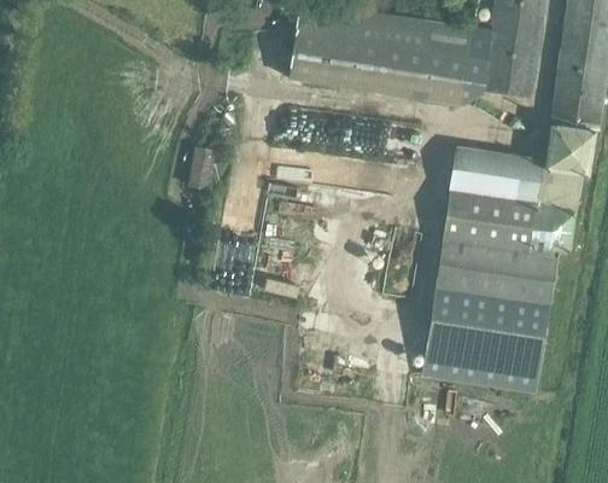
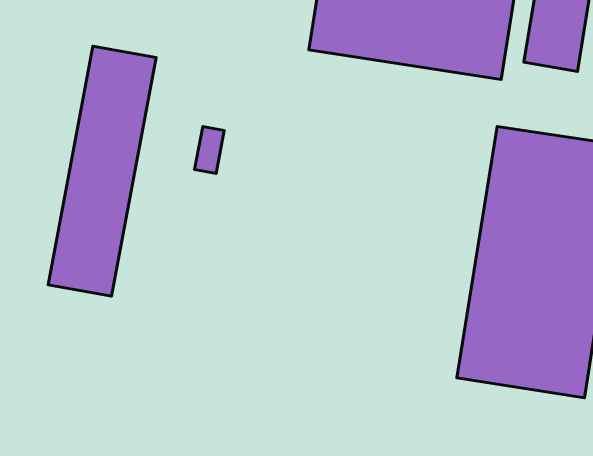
building: none -> [48,46,156,296]

